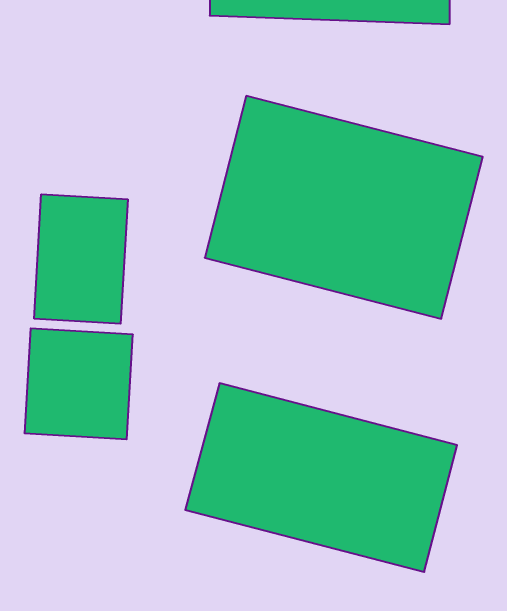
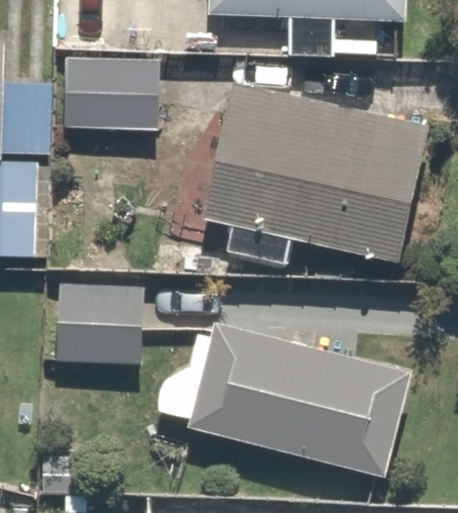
building: none -> [58,49,159,124]
building: [34,194,128,324] -> none

